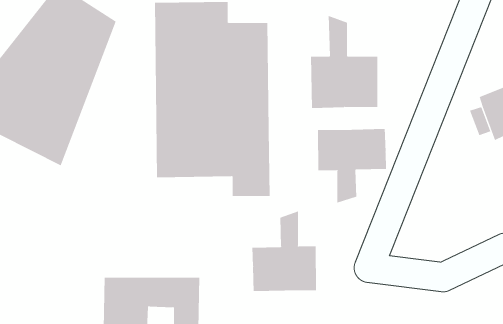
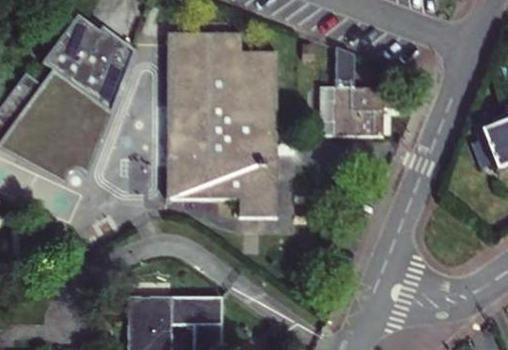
building: [317,128,387,204] -> none
building: [252,210,317,292] -> none

